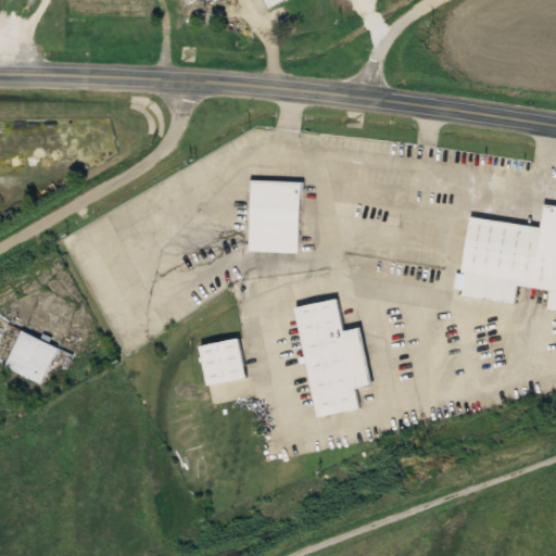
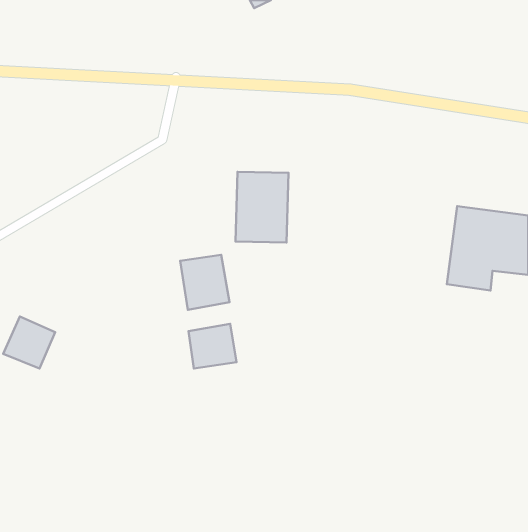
building: none -> [180,255,230,310]
building: [295,300,371,416] -> none

